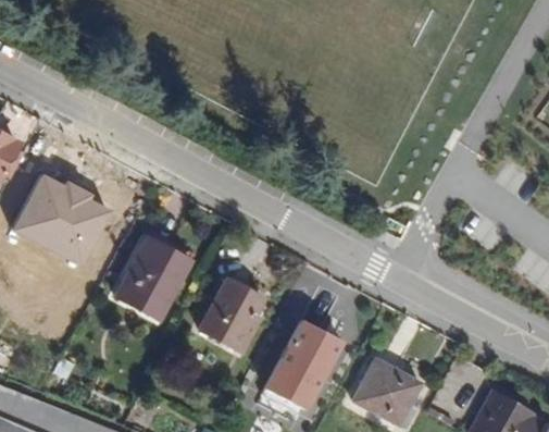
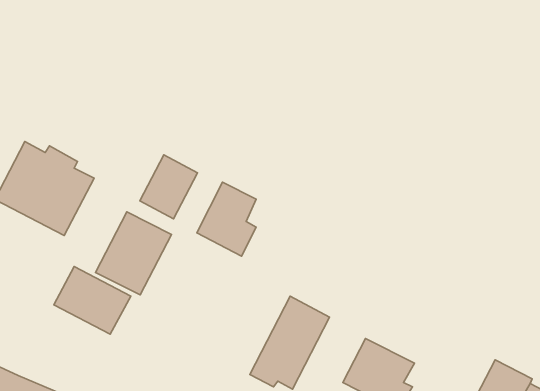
building: none -> [140,155,197,219]
building: [198,282,255,354] -> [197,182,256,256]
building: none -> [54,267,131,334]

